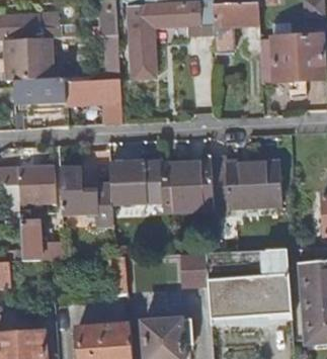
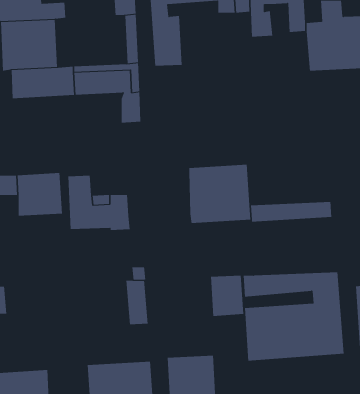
building: [212,157,281,194] -> none
building: [110,161,163,203] -> none
building: [20,212,65,261] -> none

